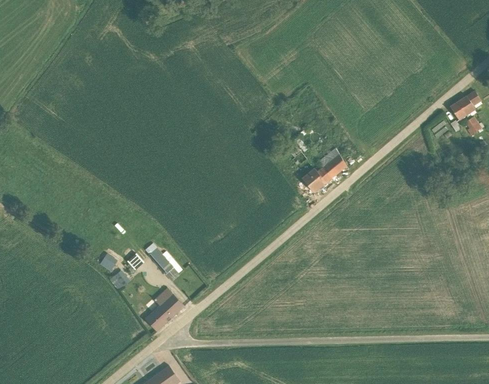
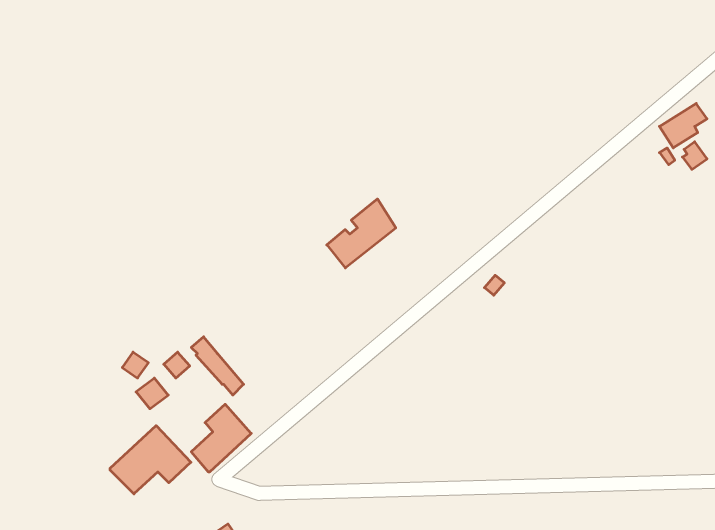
building: [302,148,347,193] -> [327,199,396,268]
building: none -> [110,426,191,494]

